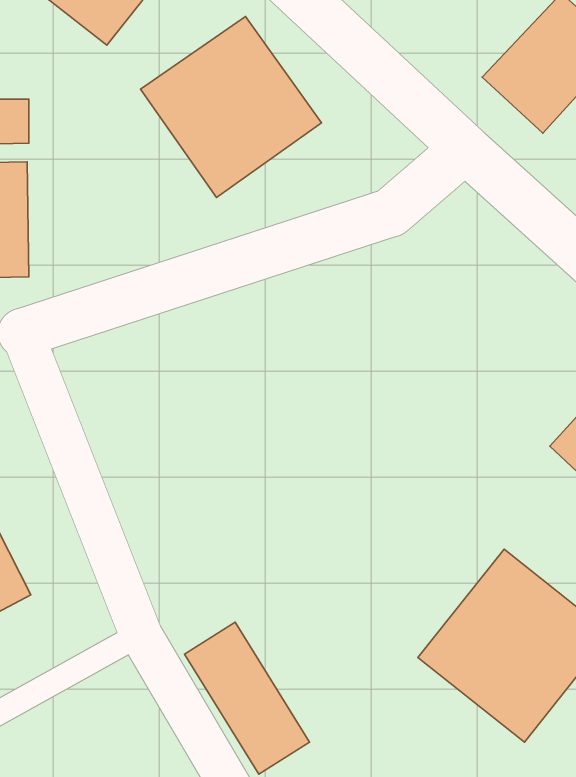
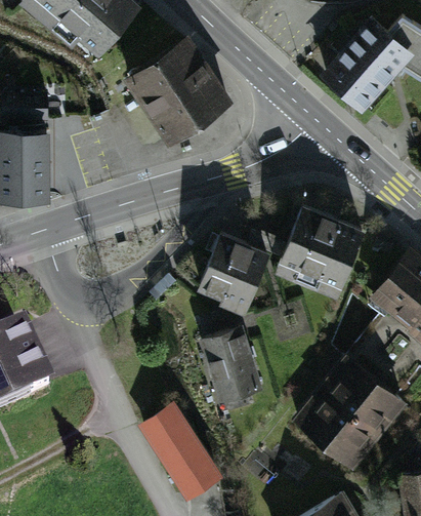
building: none -> [278,204,366,300]
building: none -> [201,233,270,309]
building: none -> [203,325,261,397]

